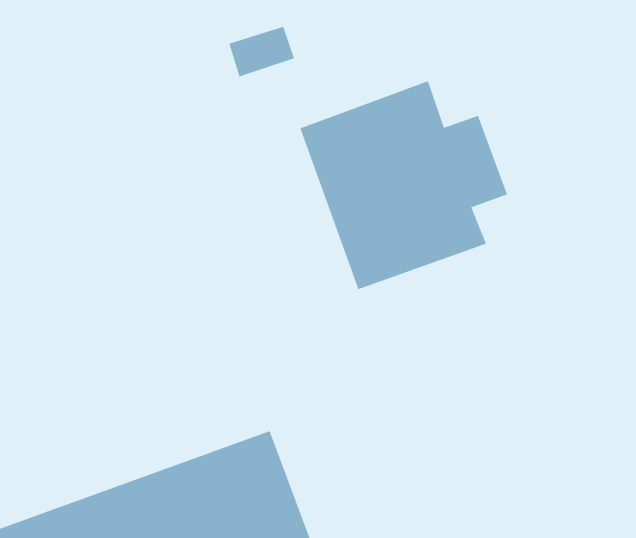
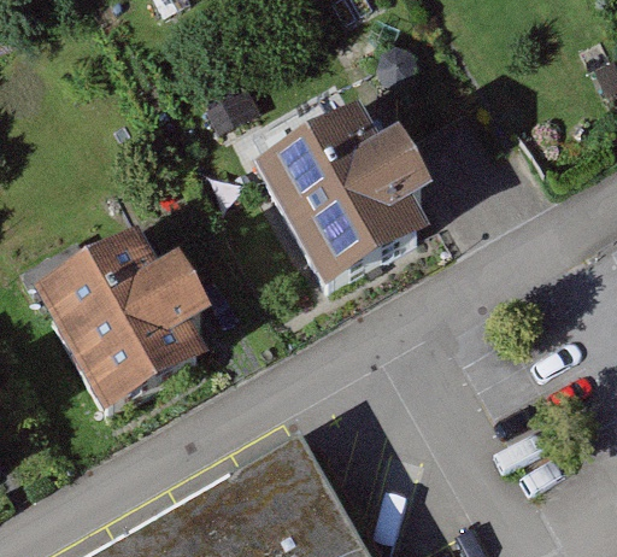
building: none -> [41,242,217,422]

